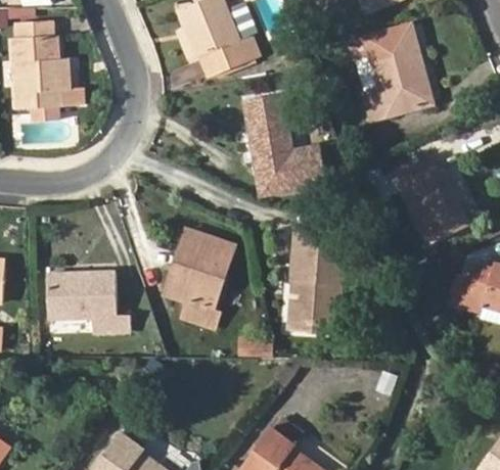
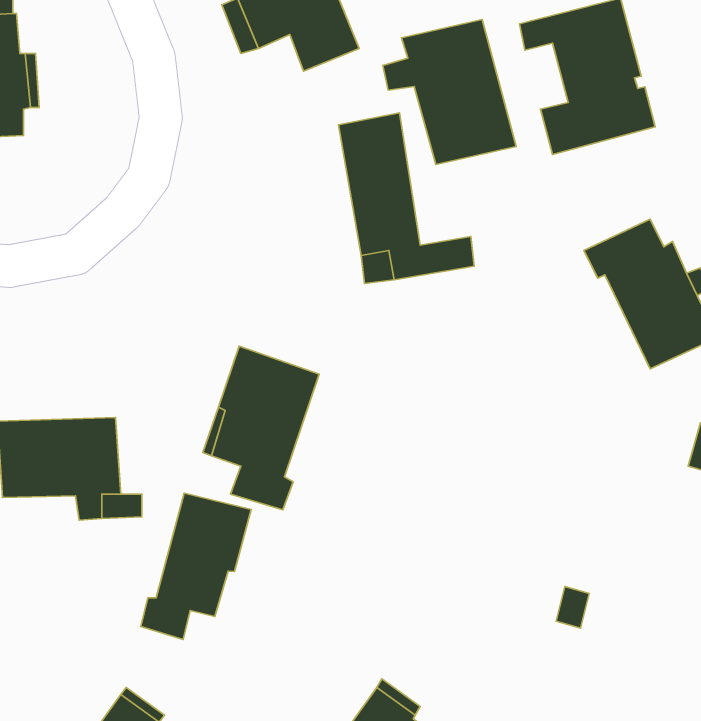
building: none -> [383,20,516,165]
building: [289,226,347,331] -> none
building: none -> [141,493,251,639]

